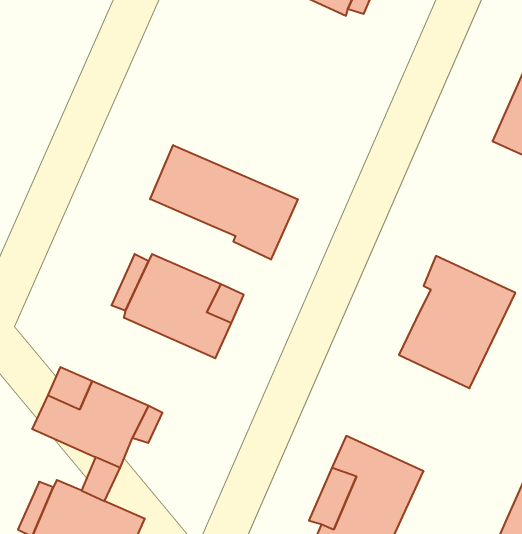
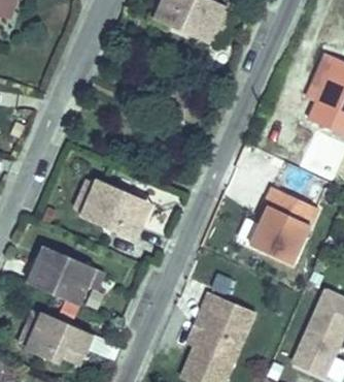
building: [150,145,298,260] -> none

